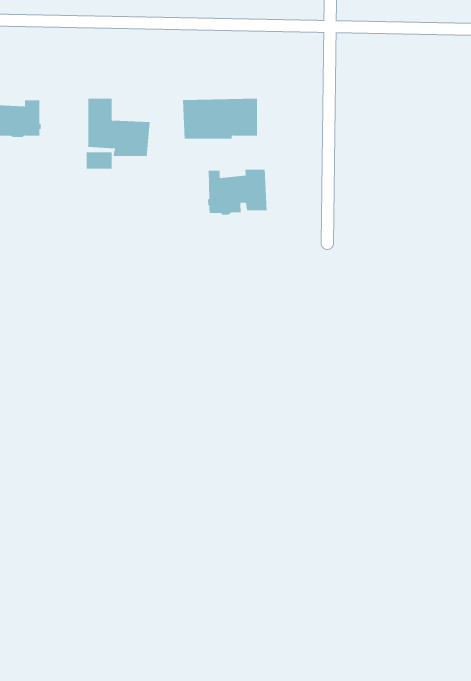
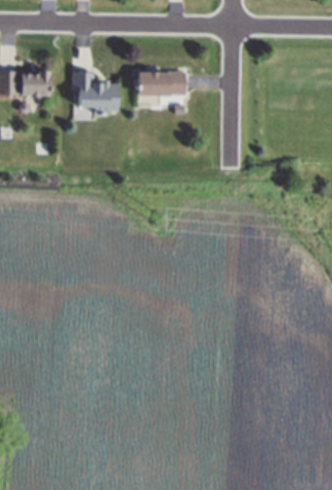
building: [208,169,267,215] -> none

